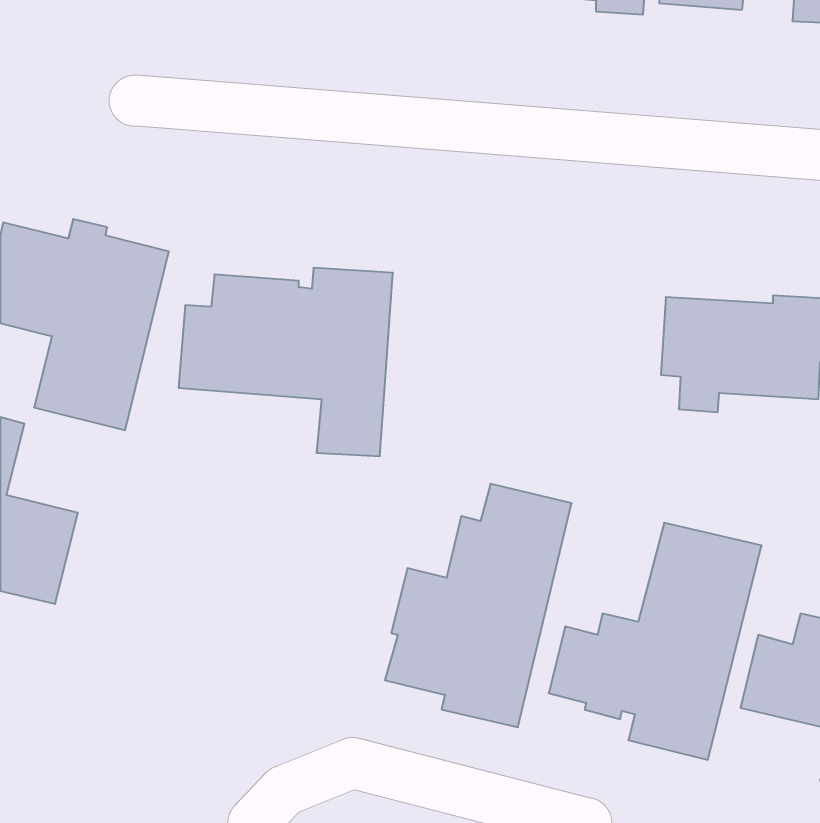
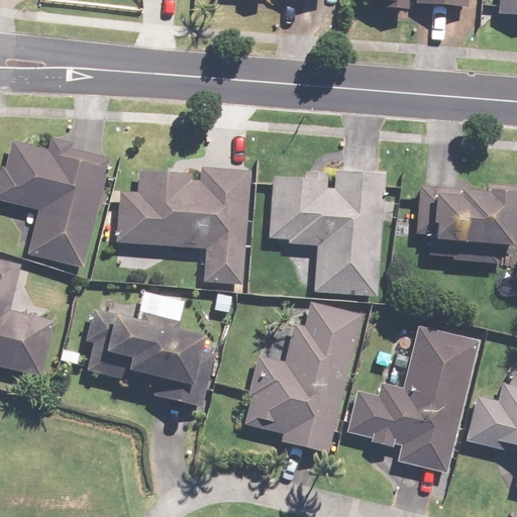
building: none -> [268,171,386,296]
building: none -> [86,308,214,406]

